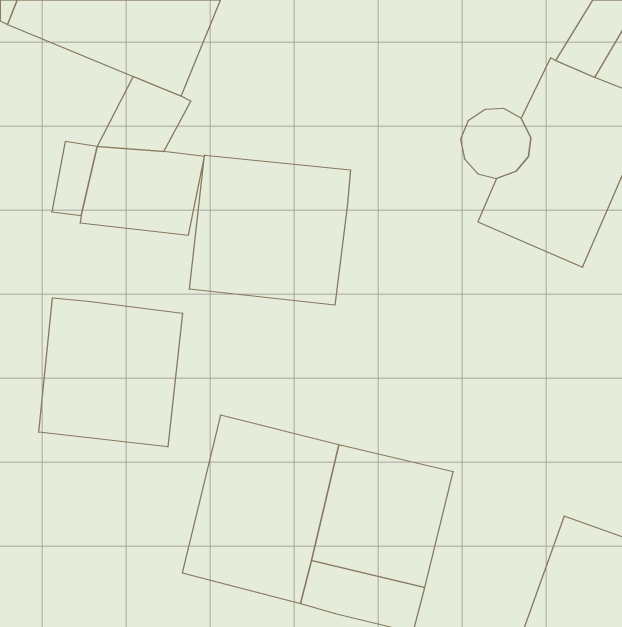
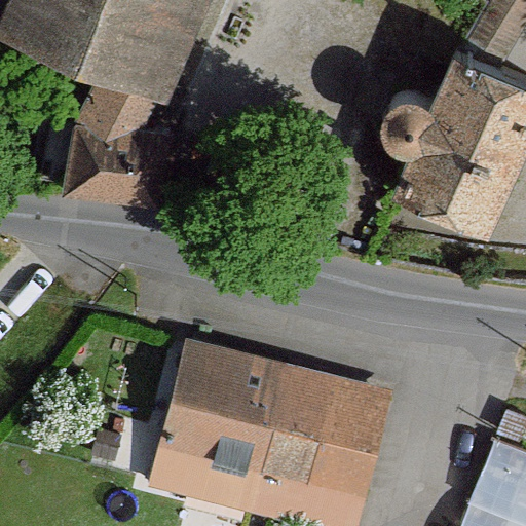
building: [189,155,351,305] -> none
building: [39,298,182,447] -> none

